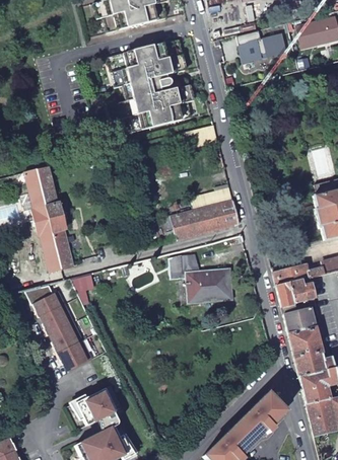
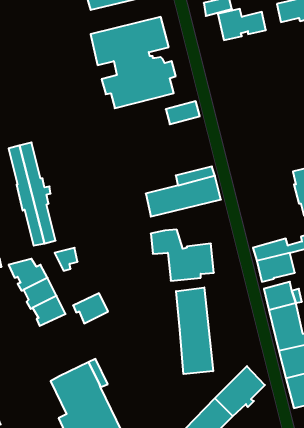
building: none -> [176,287,213,374]
building: [56,339,91,370] -> [73,293,108,323]

